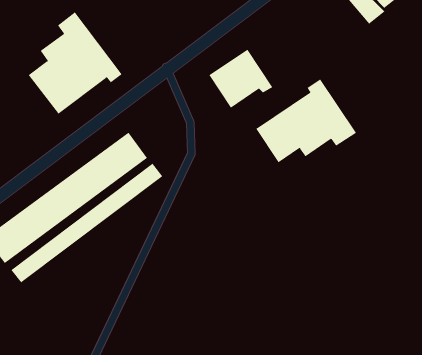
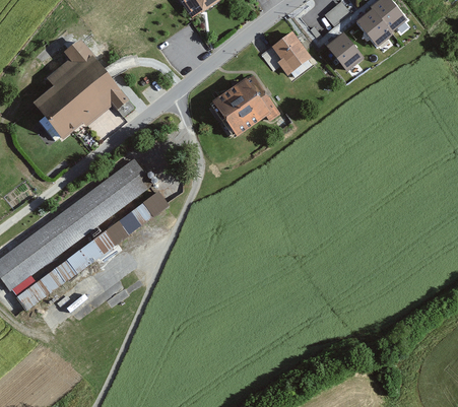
building: none -> [259,31,314,79]
building: none -> [325,31,362,70]
building: [256,78,357,163] -> none

